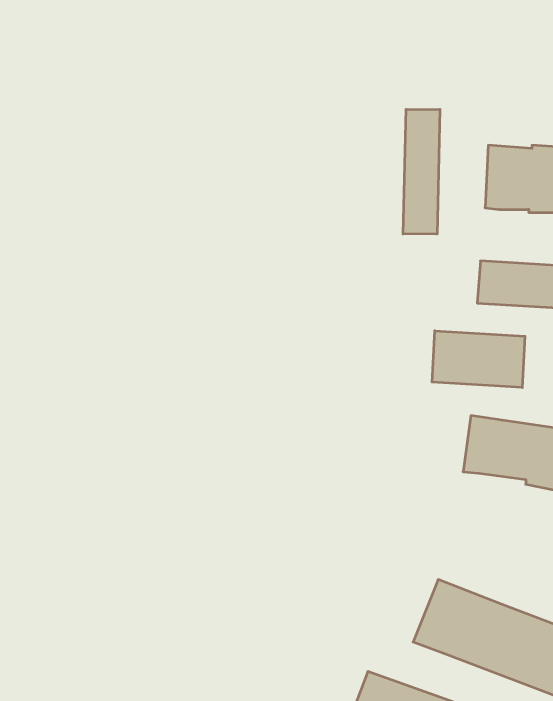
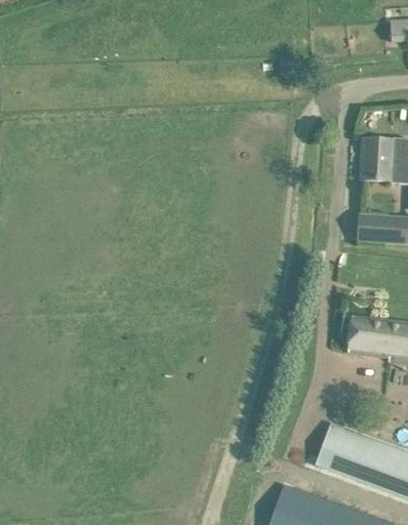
building: [403,109,440,234] -> none
building: [432,331,525,388] -> none

